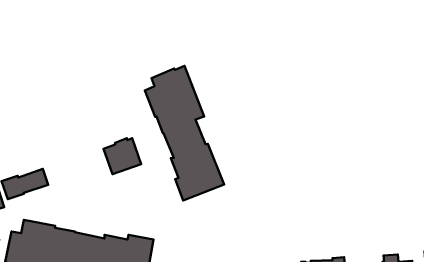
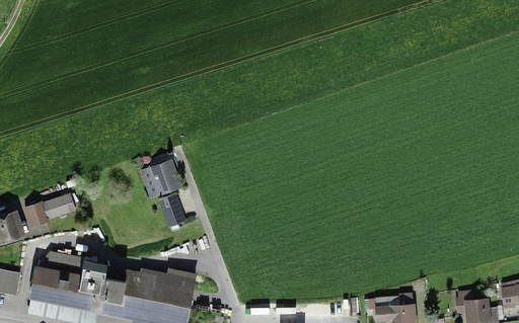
building: [145,66,224,200] -> none
building: none -> [157,192,186,228]

